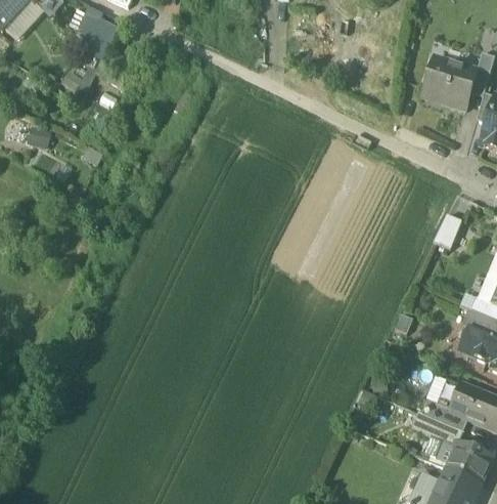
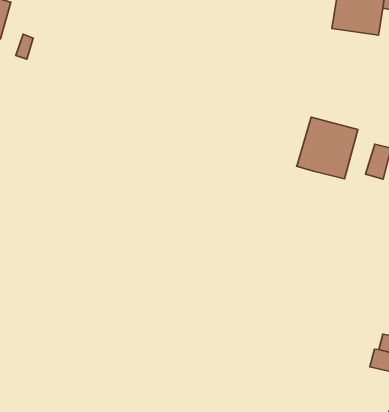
building: none -> [297,117,358,179]

